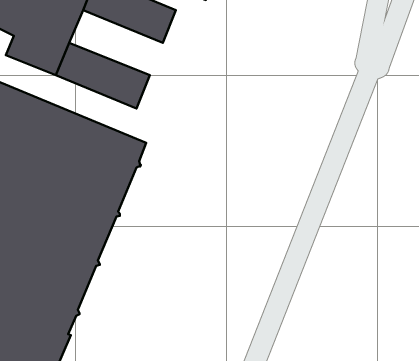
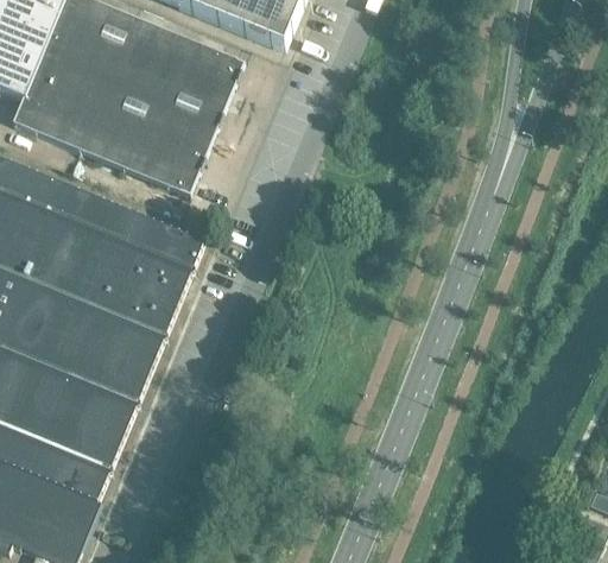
building: none -> [97,61,224,148]

